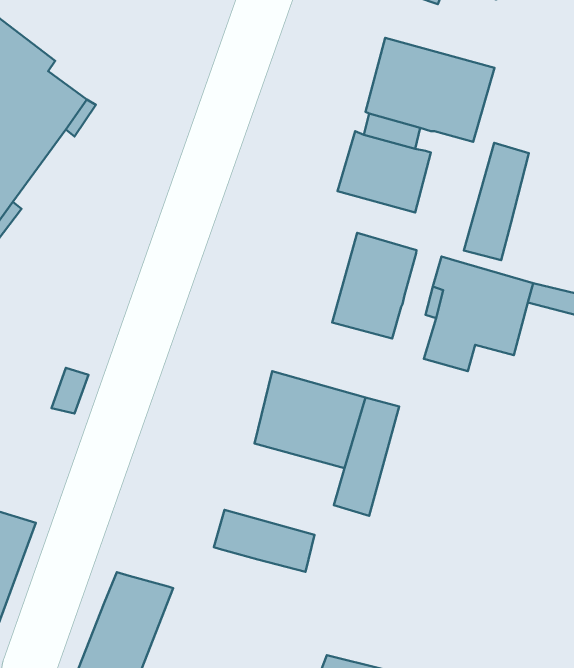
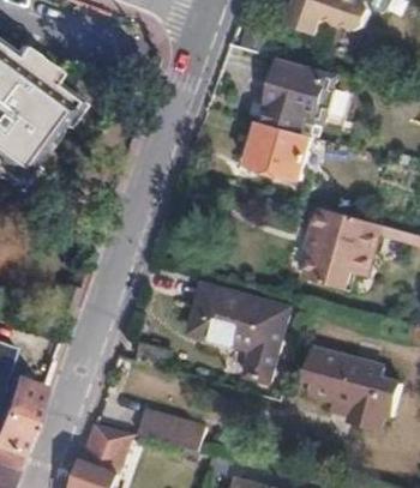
building: [464,143,529,260] -> none
building: [332,233,416,339] -> none
building: none -> [299,344,400,432]
building: [214,510,314,572] -> [138,406,206,448]

